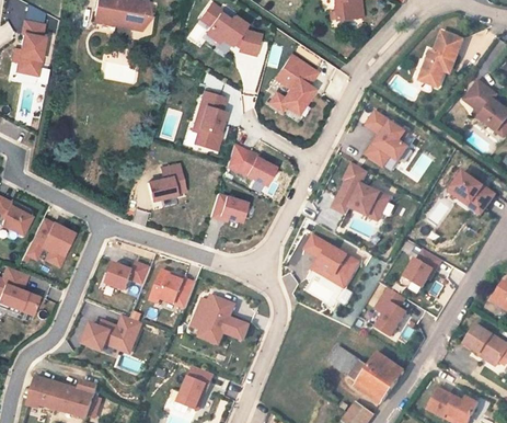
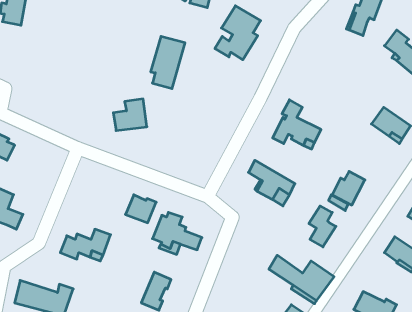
building: [364,110,408,167] -> none
building: [223,142,276,185] -> none
building: [209,190,246,224] -> none
building: [23,217,71,265] -> none
building: [106,261,150,289] -> none

